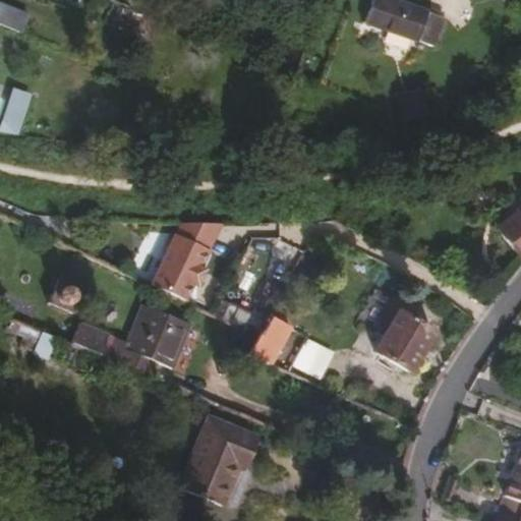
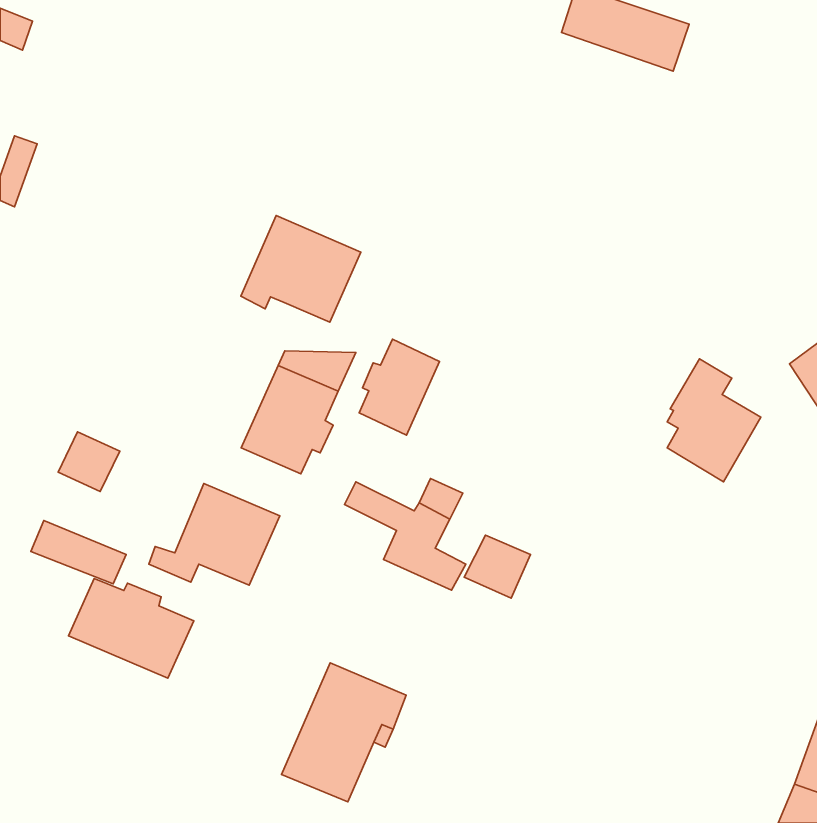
building: none -> [241,216,361,322]
building: none -> [359,339,440,435]
building: [375,295,435,372] -> [667,359,761,482]
building: none -> [68,578,194,678]

